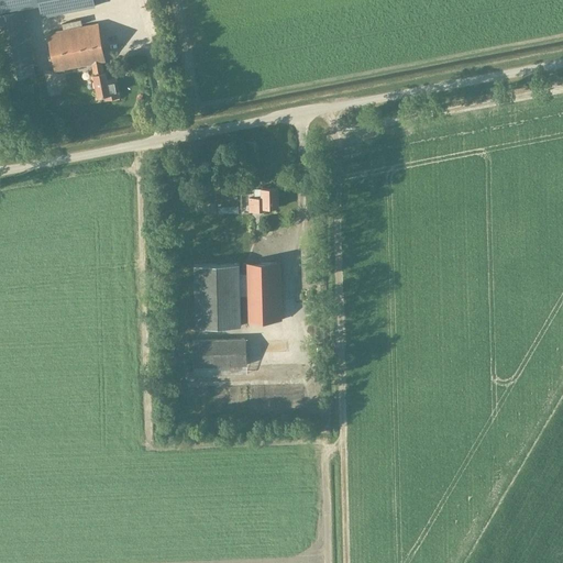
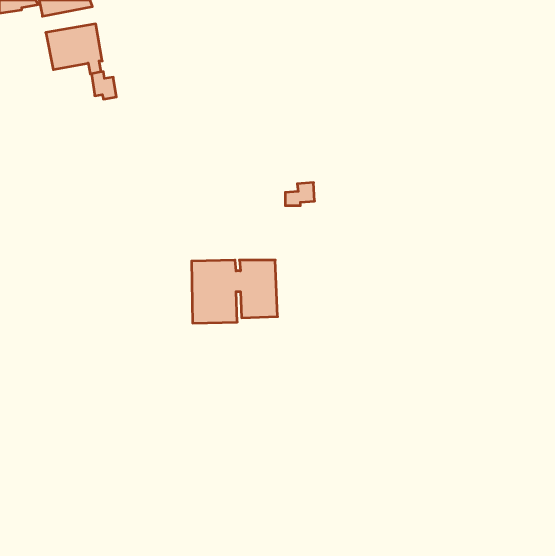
building: [247,188,277,211] -> [285,183,315,206]
building: [191,339,245,375] -> none

